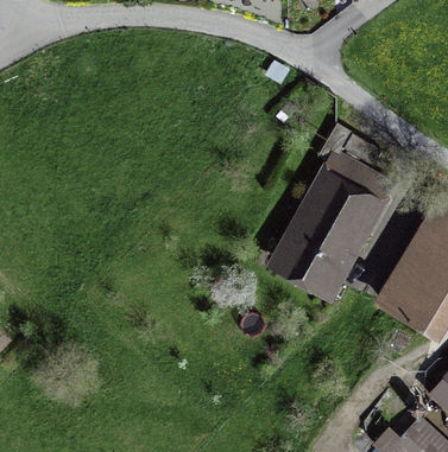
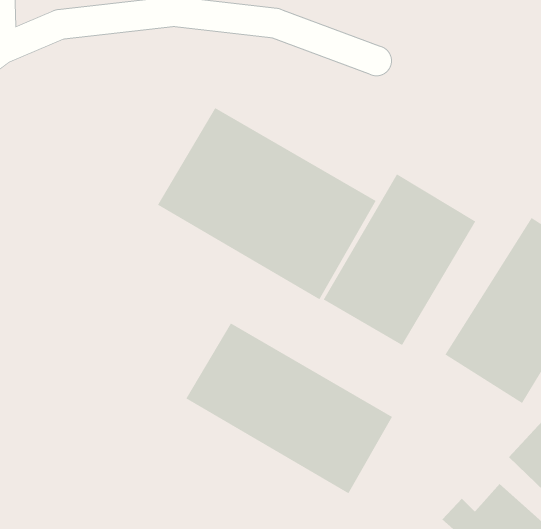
building: none -> [157,107,376,300]
building: none -> [186,322,393,494]

